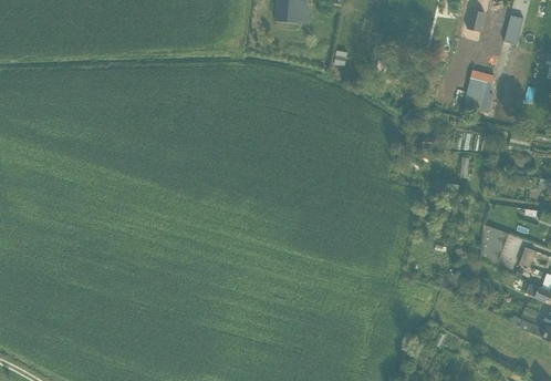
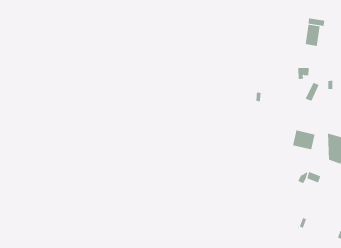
building: none -> [293,130,315,150]

